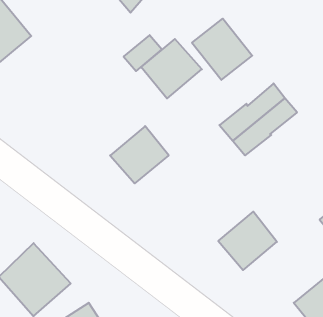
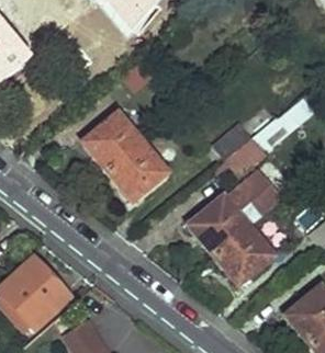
building: [192,19,252,80] -> none
building: [141,39,202,98] -> [85,113,144,171]
building: none -> [191,169,285,254]

